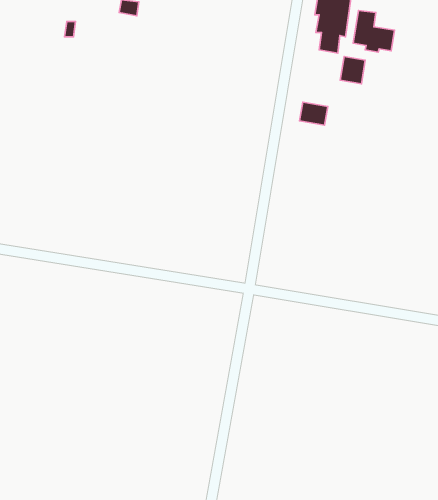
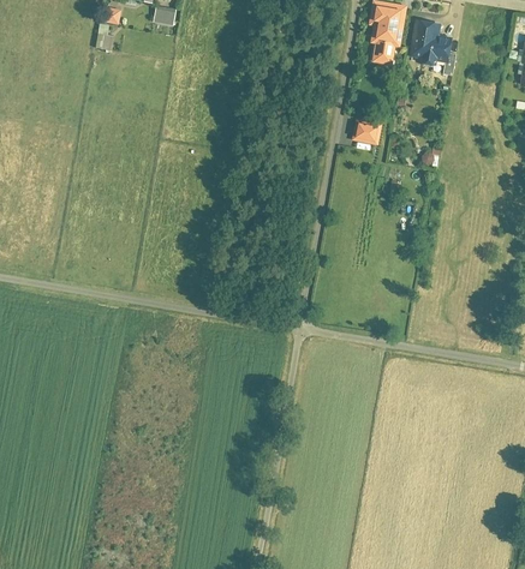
building: [340,57,365,84] -> none

